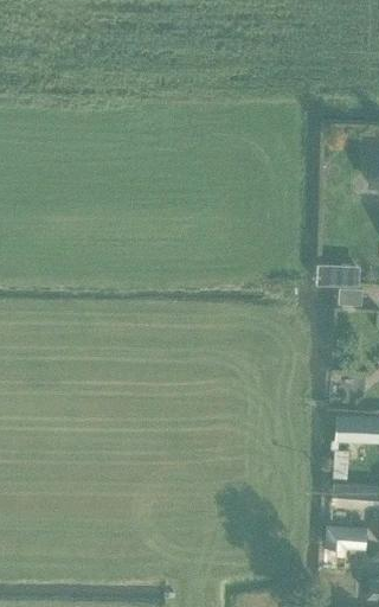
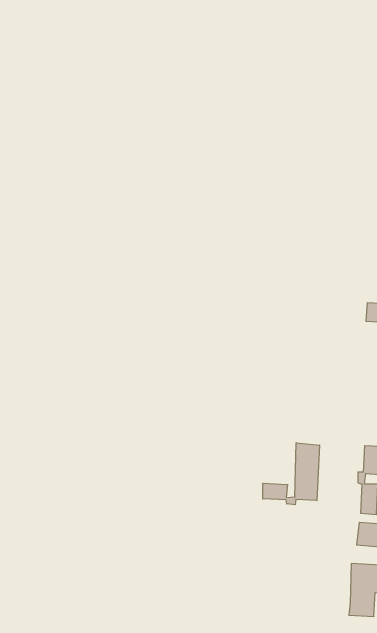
building: none -> [263,443,320,505]

